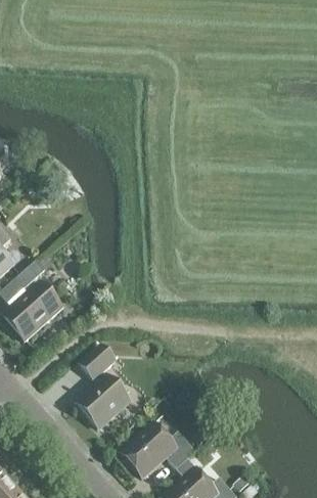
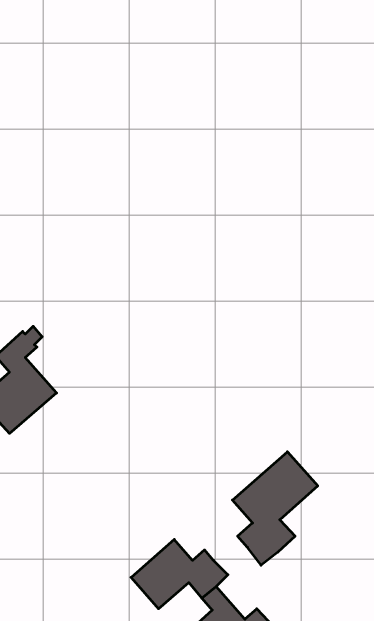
building: [77,345,130,428] -> none
building: none -> [232,452,318,565]

